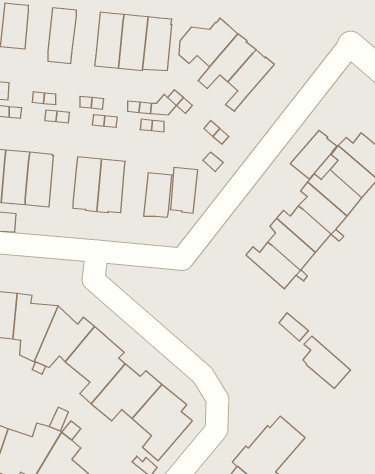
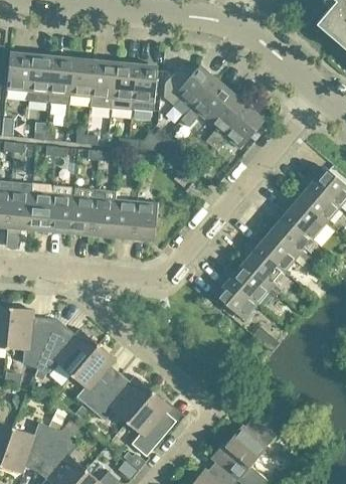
building: none -> [28,53,52,94]
building: none -> [69,57,95,98]
building: [290,130,337,179] -> [223,106,265,149]
building: none -> [49,186,73,232]
building: [170,168,198,213] -> [113,199,137,239]
building: [303,336,351,388] -> [215,274,257,320]

